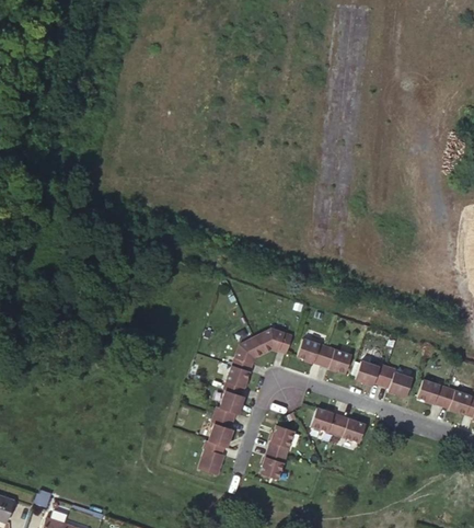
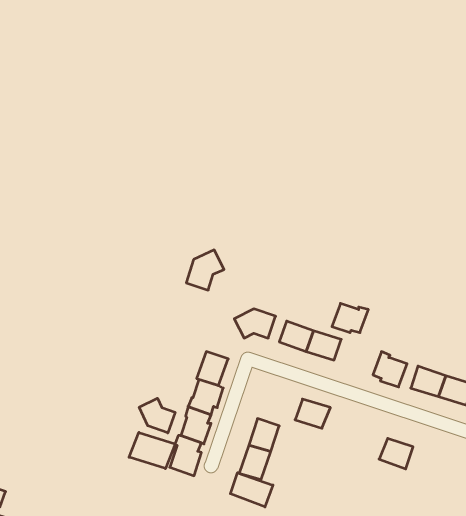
building: [231,336,265,372] -> [186,250,224,290]
building: [356,360,389,387] -> [332,303,368,333]
building: none -> [139,398,175,433]
building: [335,416,366,444] -> [379,438,413,469]
building: none -> [129,432,175,469]
building: none -> [230,473,273,507]

